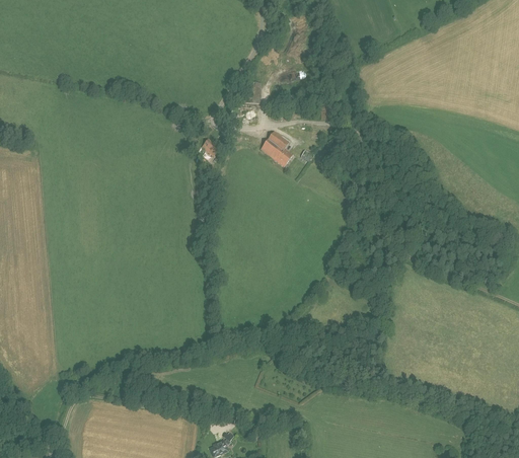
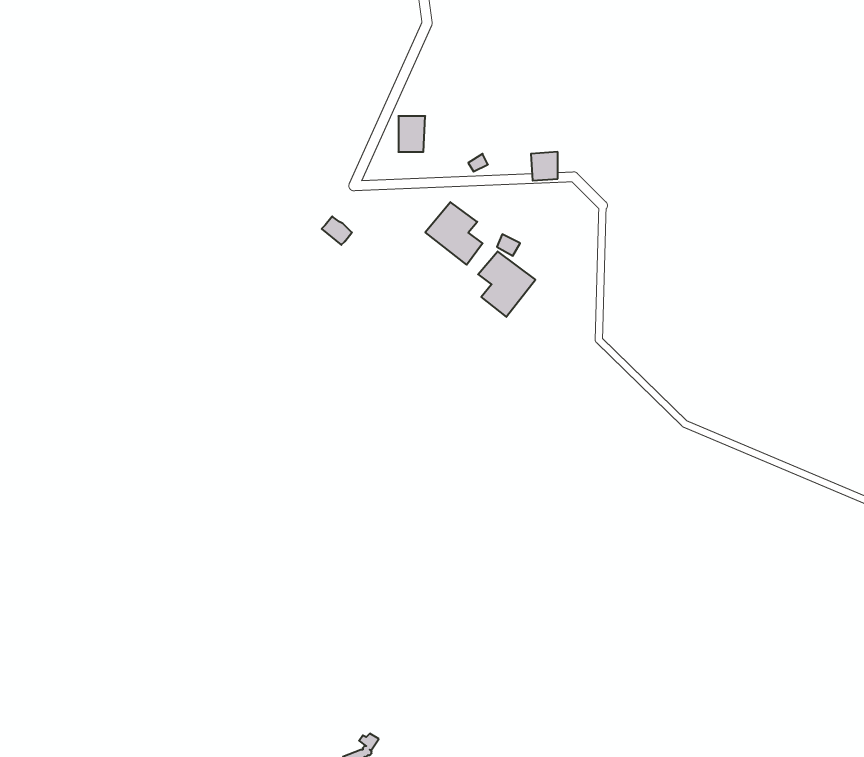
building: none -> [478,251,535,317]

